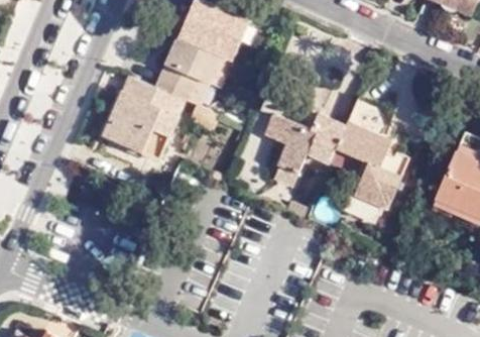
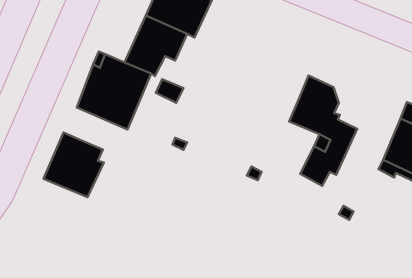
building: [263,113,347,187] -> none
building: none -> [44,133,104,197]

